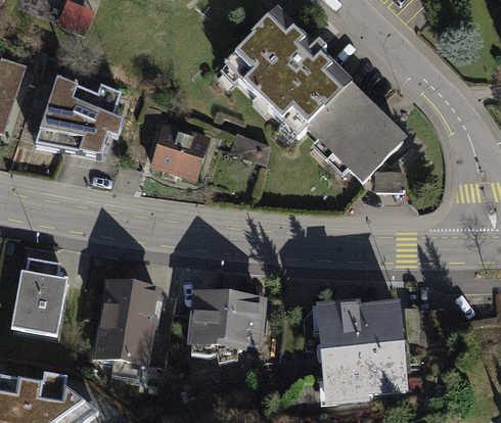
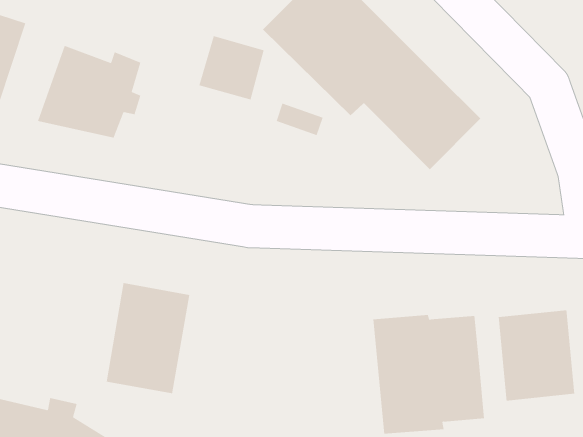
building: [152,121,208,175] -> [199,35,265,100]
building: [8,249,71,336] -> none
building: [187,289,268,347] -> none
building: none -> [498,309,575,401]

